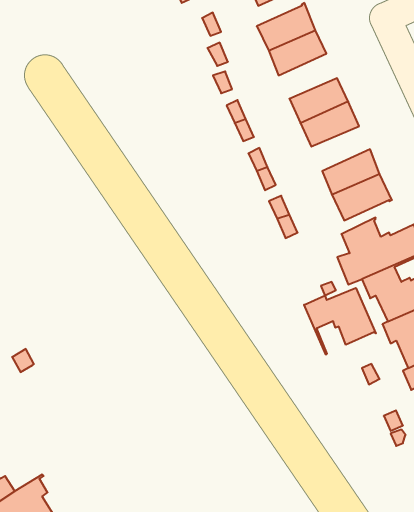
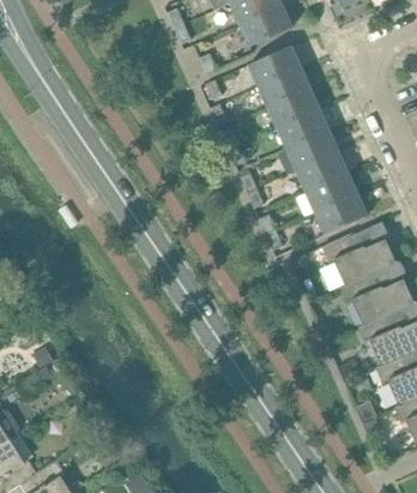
building: none -> [267,88,319,127]
building: none -> [296,151,348,191]
building: [304,288,376,355] -> none

